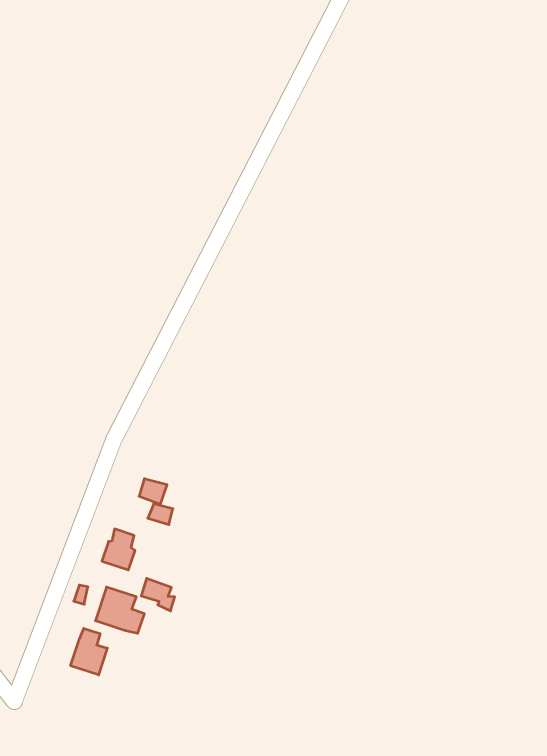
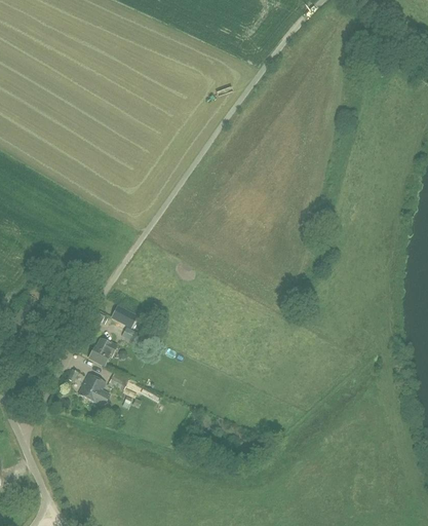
building: [71,628,107,675] -> none

